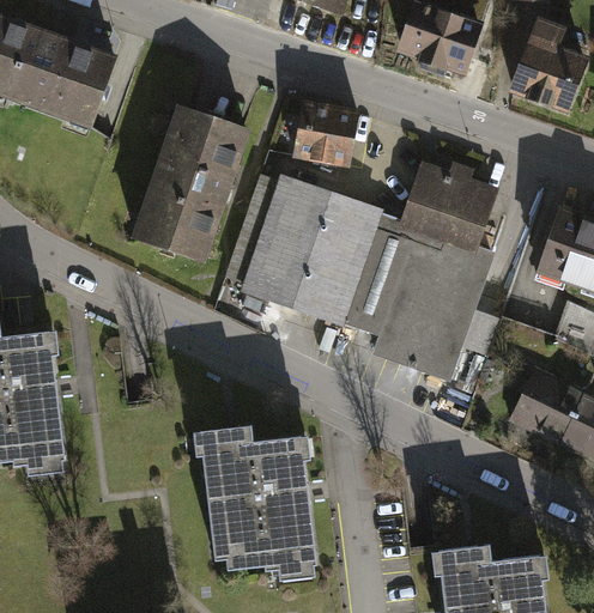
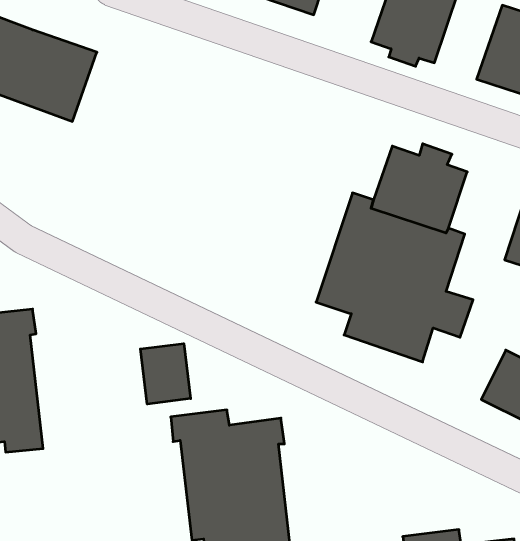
building: [292,102,359,165] -> none
building: [133,109,247,263] -> none
building: [224,166,382,317] -> none
building: none -> [140,344,191,404]

